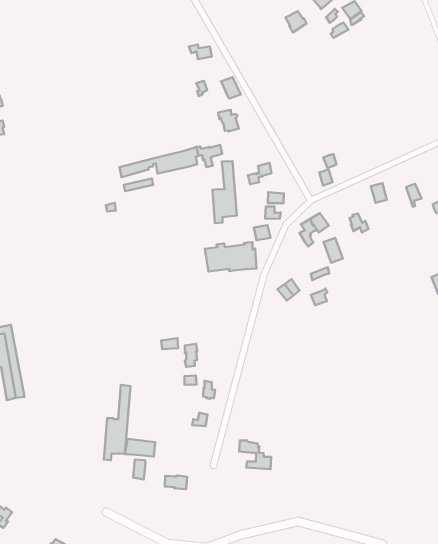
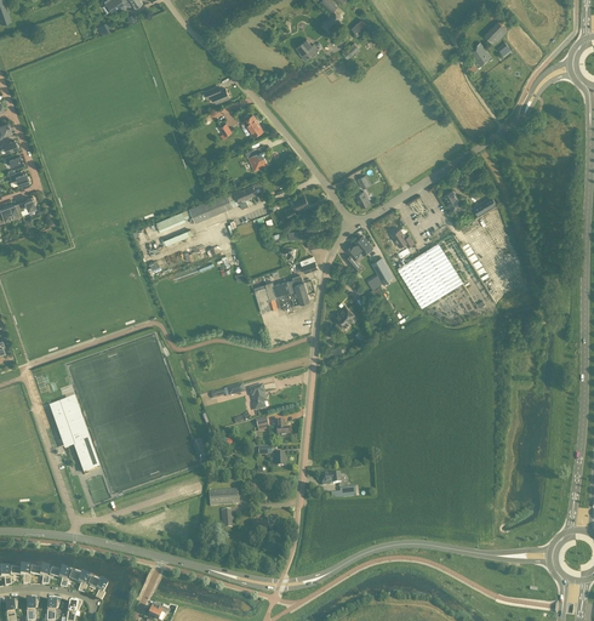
building: [212,161,237,223] -> none
building: none -> [396,243,462,307]
building: [104,385,131,460] -> none

